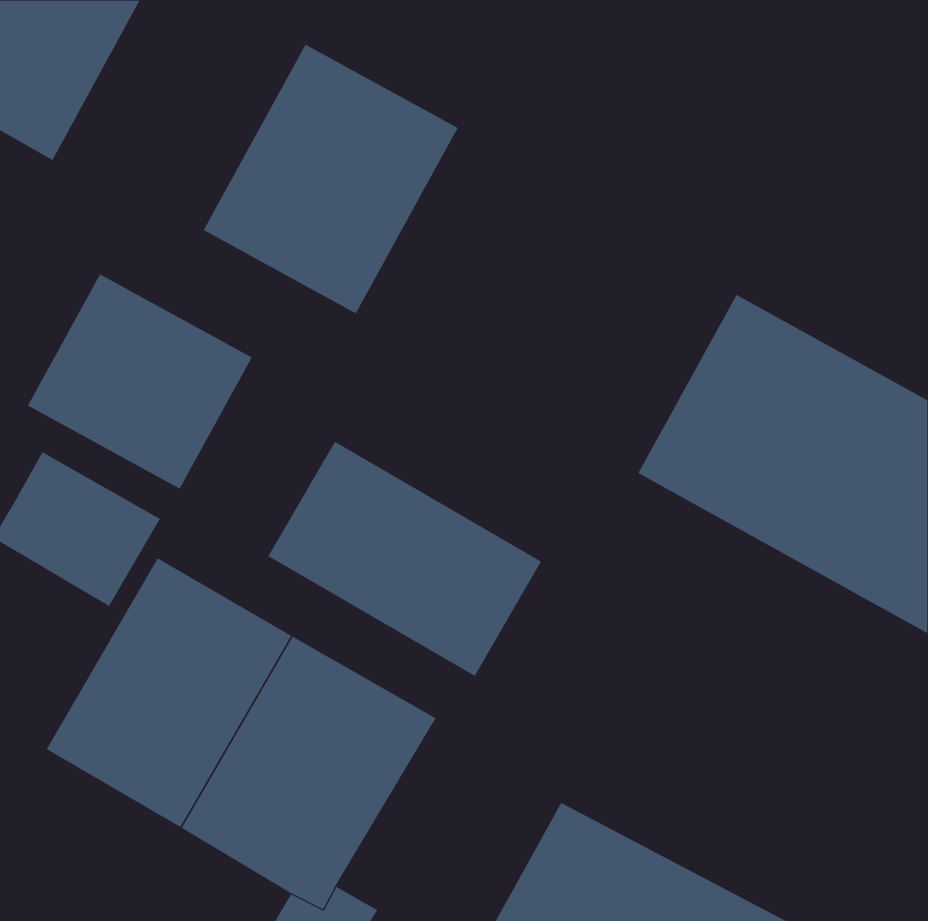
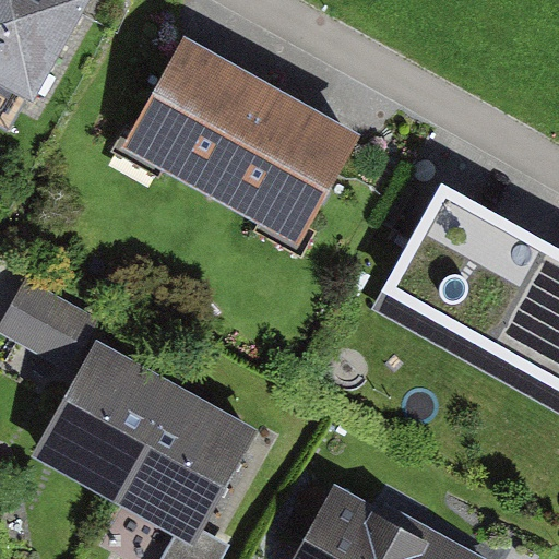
building: none -> [213,84,362,243]
building: [27,273,252,490] -> none
building: [268,441,542,677] -> none

